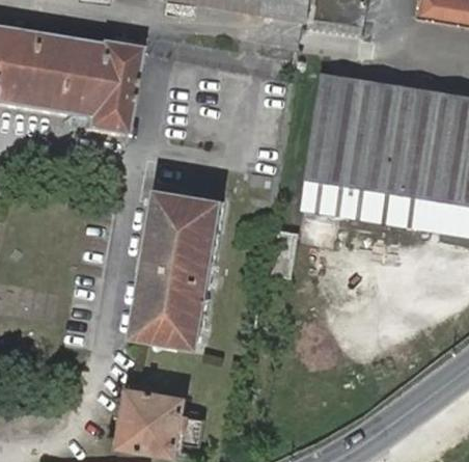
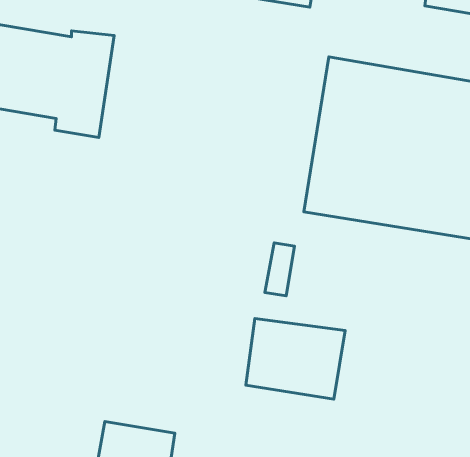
building: [130,186,225,348] -> none
building: none -> [246,318,345,399]

